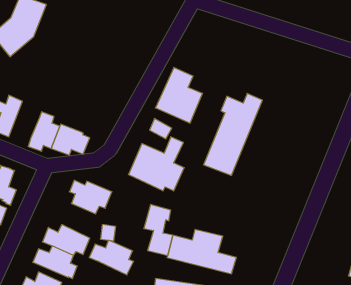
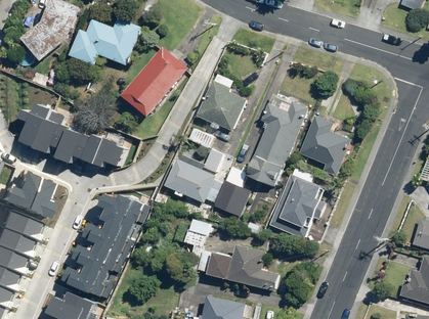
building: none -> [70,15,140,67]
building: none -> [122,47,189,119]
building: none -> [38,110,72,152]
building: none -> [300,118,350,176]
building: none -> [213,167,250,219]
building: none -> [268,167,326,239]
building: [89,240,134,275] -> [85,218,132,255]

